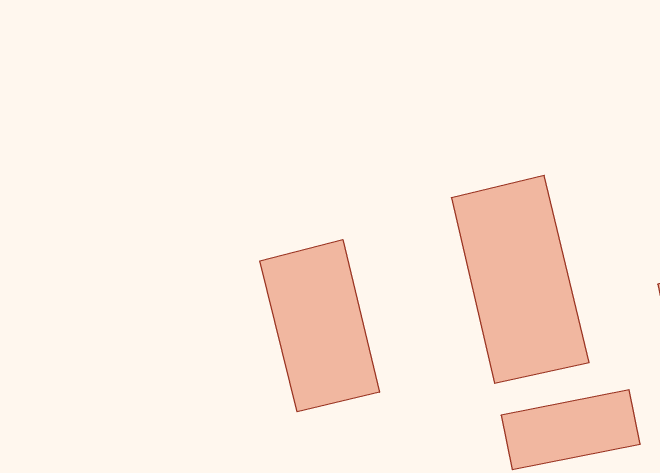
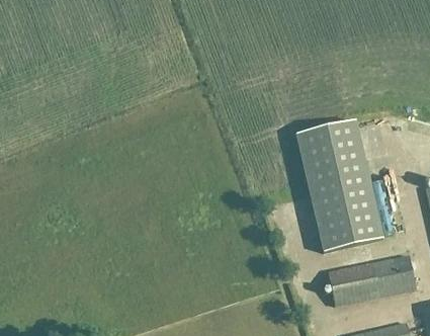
building: [260,240,379,412] -> none

